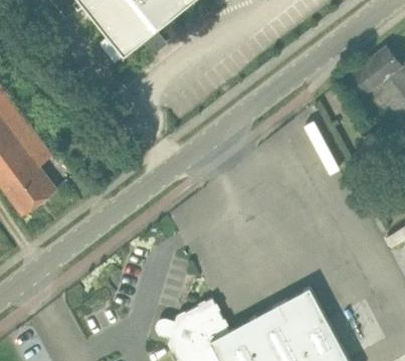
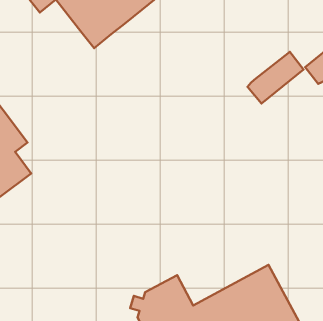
building: none -> [248,52,304,103]

